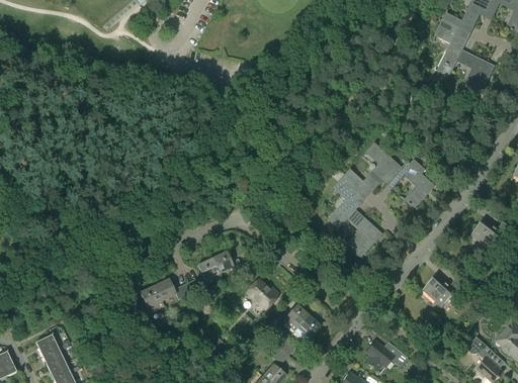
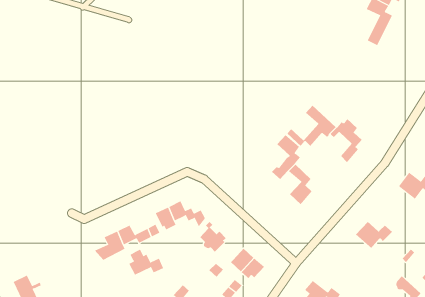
building: [456,50,489,92] -> none
building: none -> [129,249,164,276]

